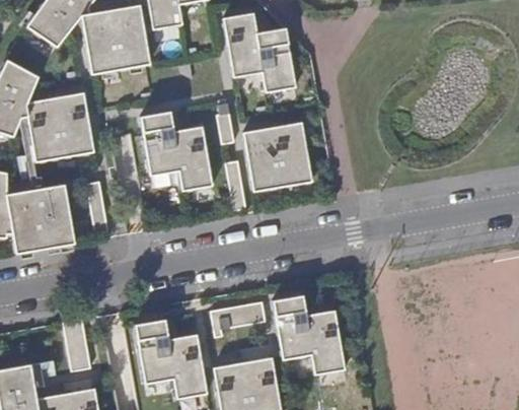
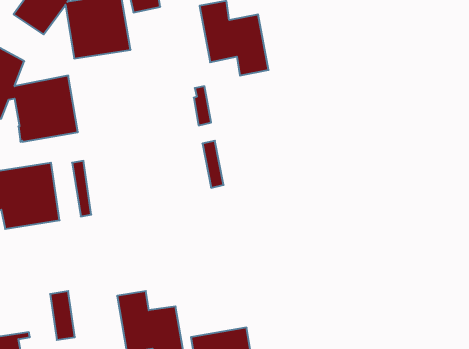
building: [140,110,214,190] -> none
building: [244,121,313,191] -> none
building: [274,297,346,377] -> none
building: [212,303,267,339] -> none

